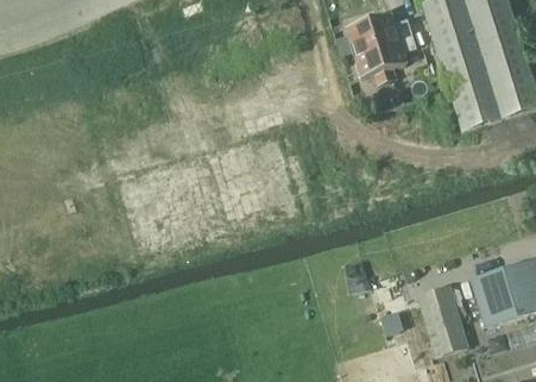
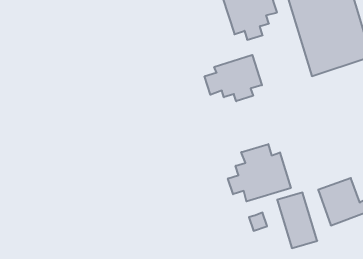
building: none -> [205,55,262,101]
building: none -> [228,144,291,201]

